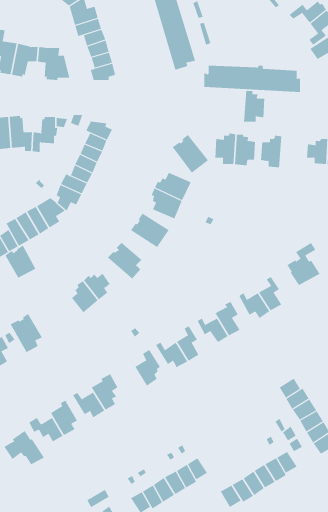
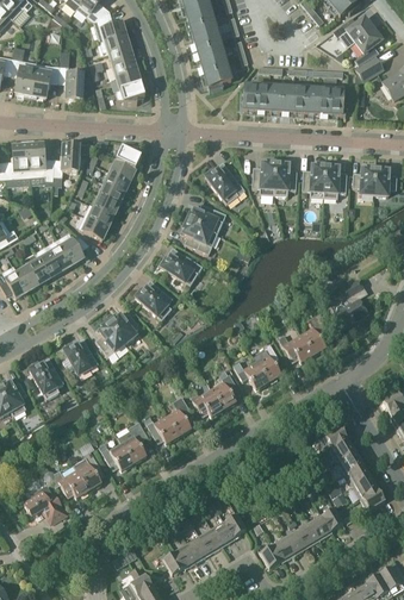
building: [243,91,265,122] -> [323,164,347,199]
building: [5,245,36,279] -> [63,338,98,375]
building: none -> [142,415,178,444]

